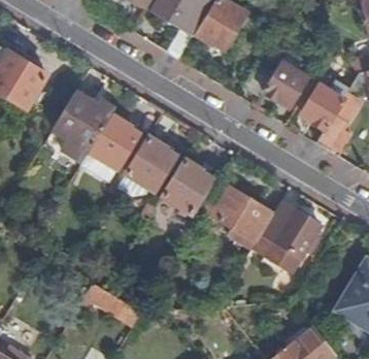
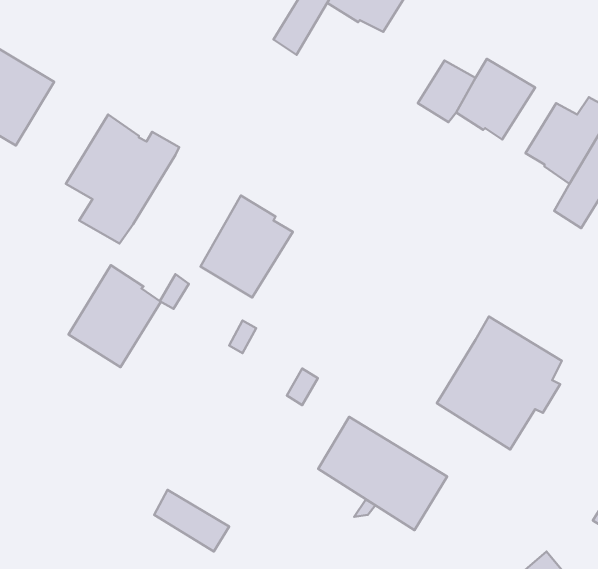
building: [91,113,140,168] -> [68,265,161,367]
building: [164,159,213,213] -> none
building: [205,181,274,241] -> [318,417,447,530]

